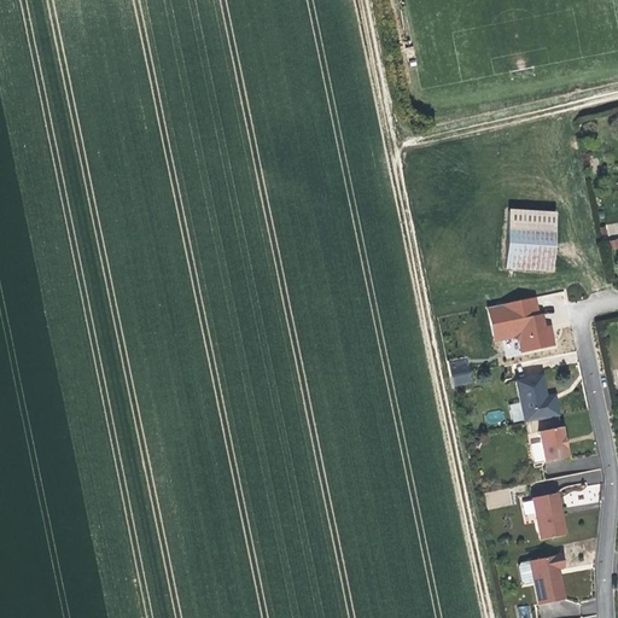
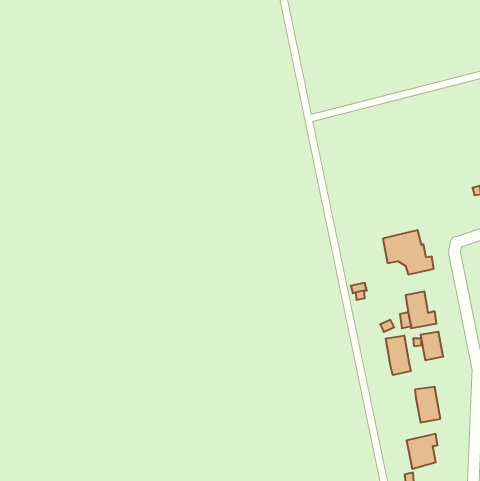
building: [506,209,556,269] -> none
building: none -> [386,335,411,375]

